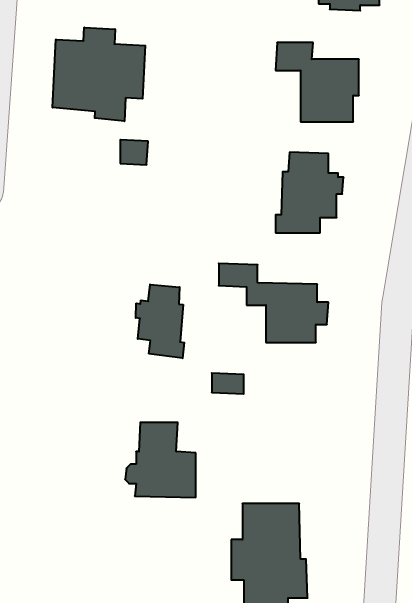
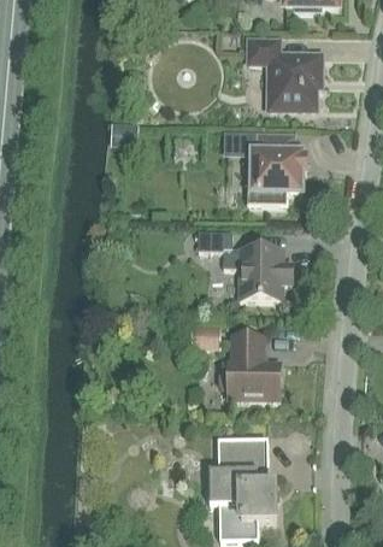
building: [53,27,145,121] -> none
building: [136,284,184,358] -> none
building: [125,422,196,497] -> [218,335,279,400]

